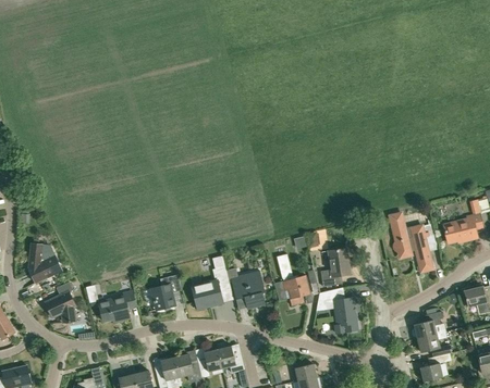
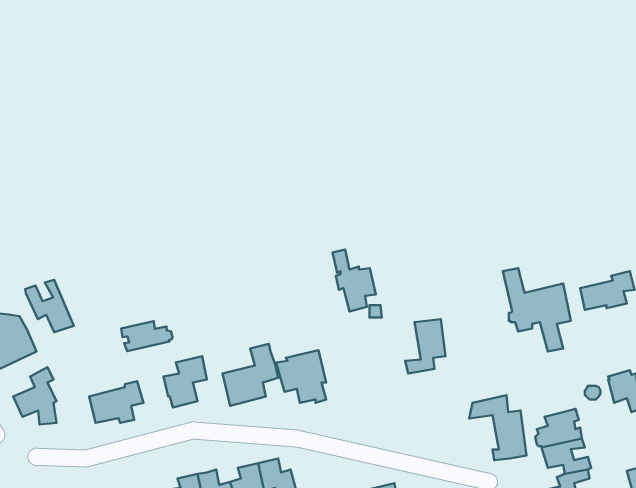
building: none -> [25,280,74,332]
building: none -> [121,321,173,351]
building: [279,262,309,305] -> [333,249,376,311]
building: [316,287,356,333] -> [469,395,527,460]

